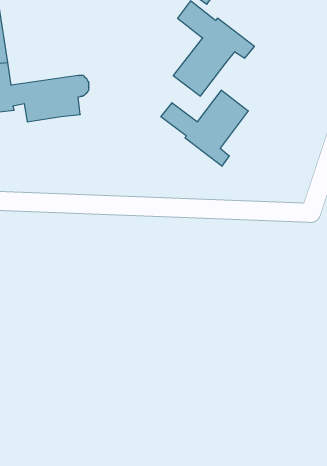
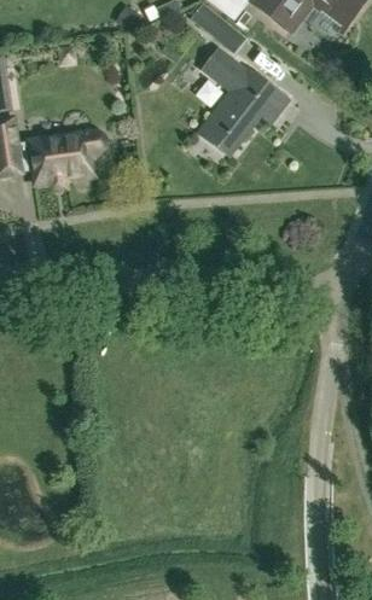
building: [161,90,248,166] -> none

